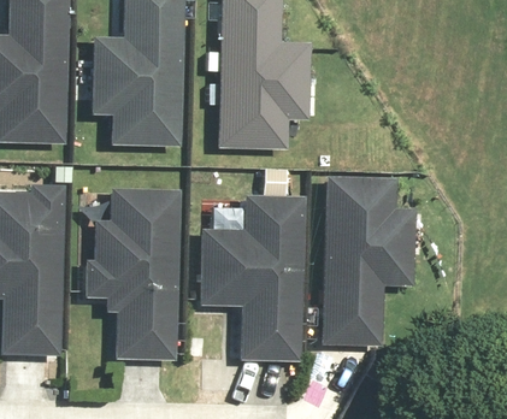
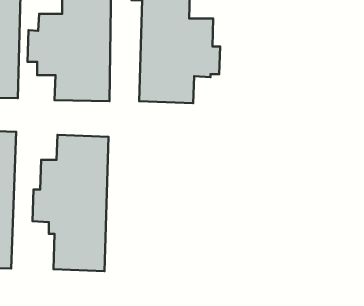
building: [325,177,424,344] -> none
building: [200,190,302,360] -> none

